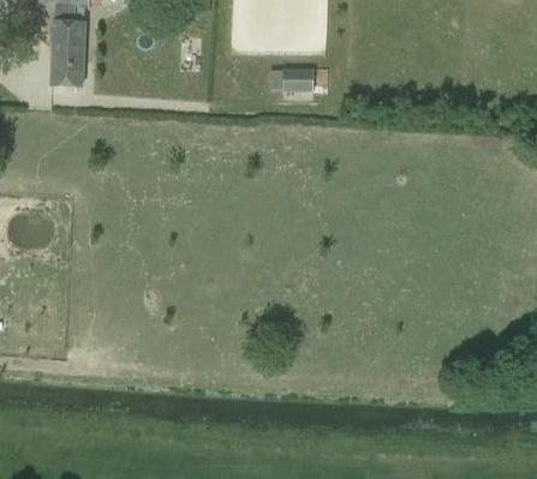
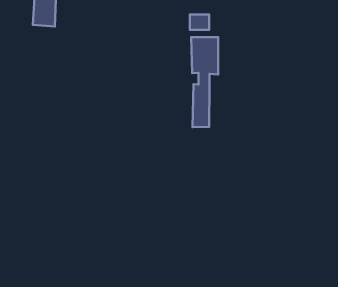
building: none -> [191,37,218,127]

